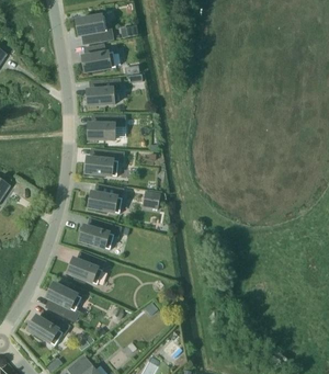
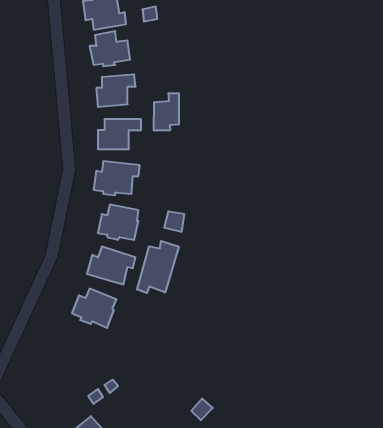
building: none -> [154,93,179,131]
building: none -> [137,241,179,293]
building: [47,284,81,321] -> none
building: [29,313,68,347] -> none

